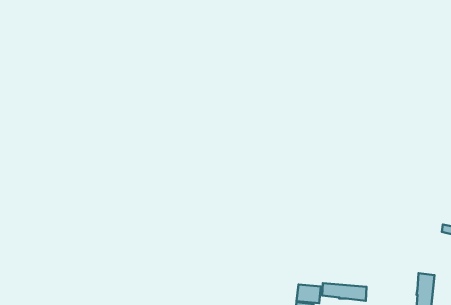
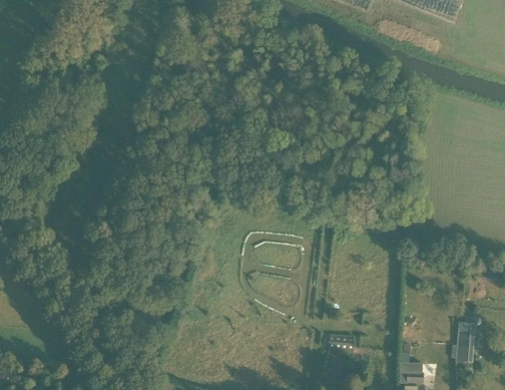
building: [322,283,367,301] -> none

